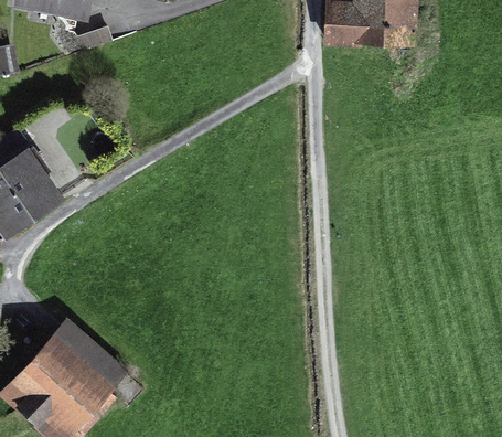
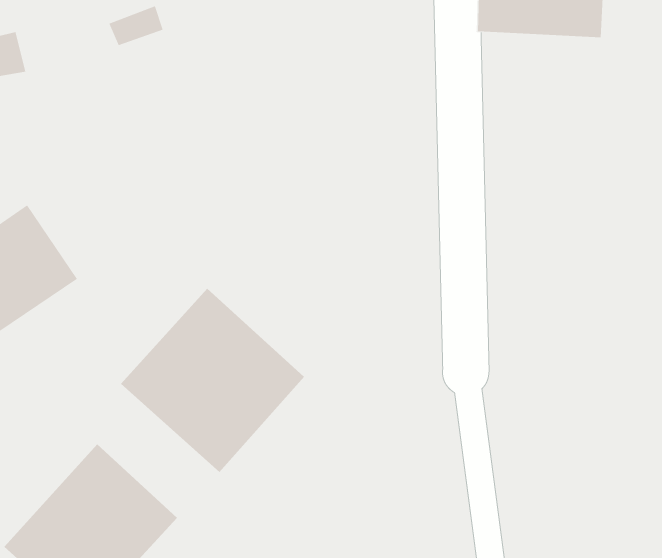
building: none -> [120,288,305,473]

